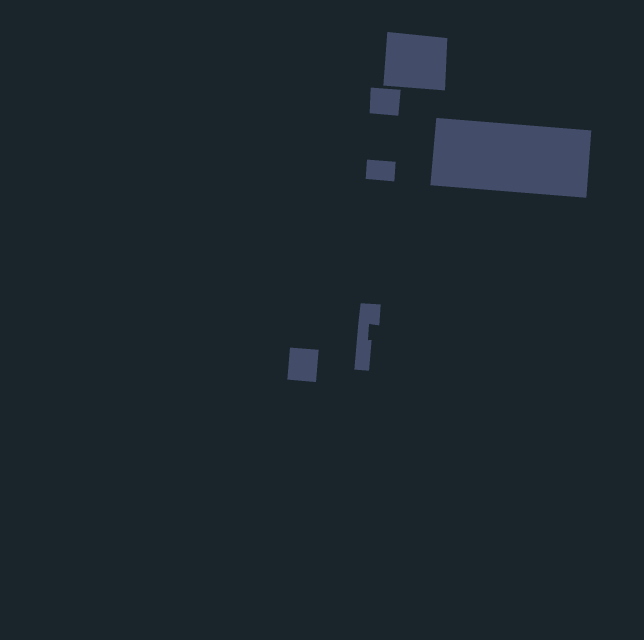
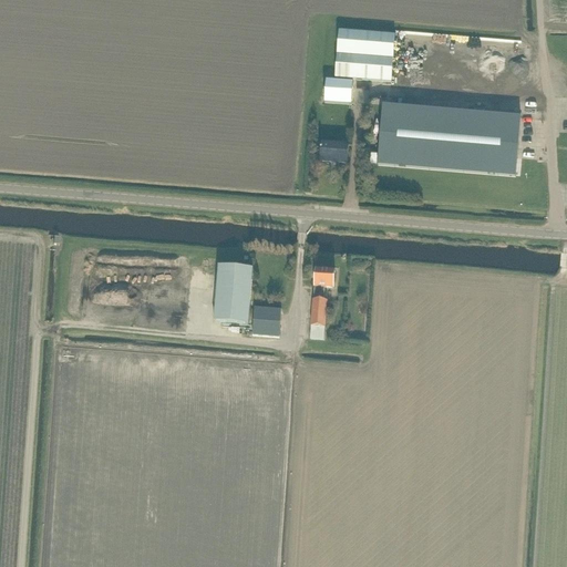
building: none -> [213,262,251,321]

